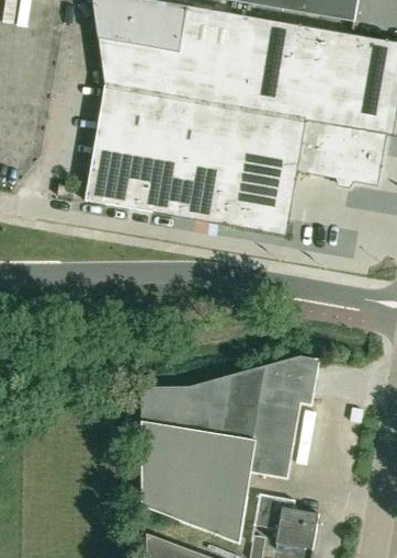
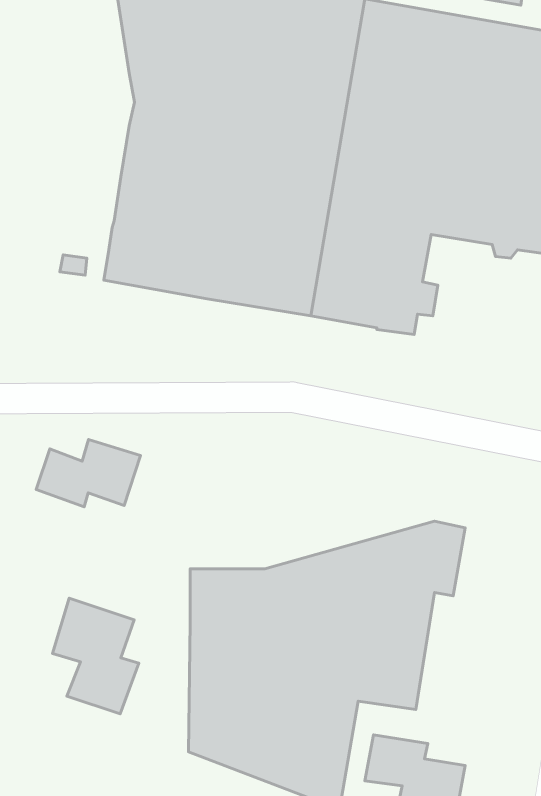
building: none -> [36,440,141,507]
building: none -> [52,598,139,714]

